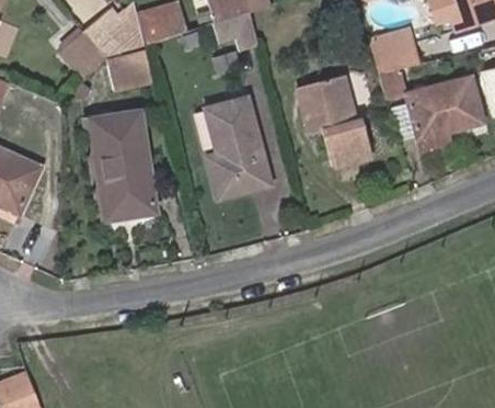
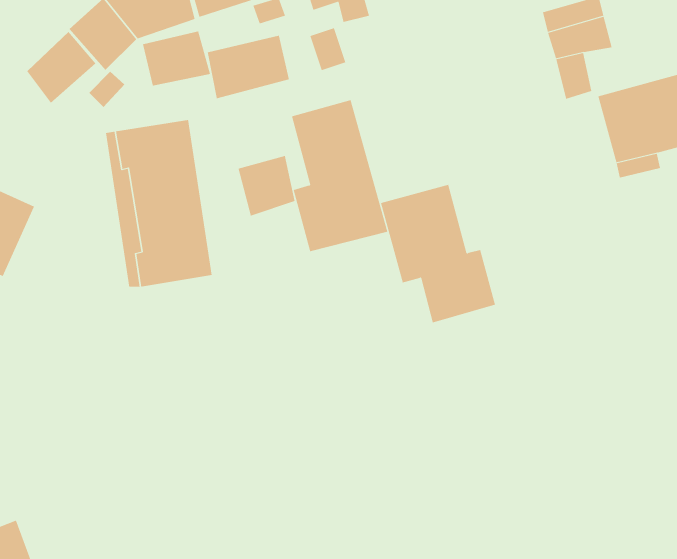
building: none -> [27,31,96,103]
building: none -> [207,35,289,99]
building: [298,73,373,165] -> [380,184,496,323]
building: none -> [238,155,295,217]

